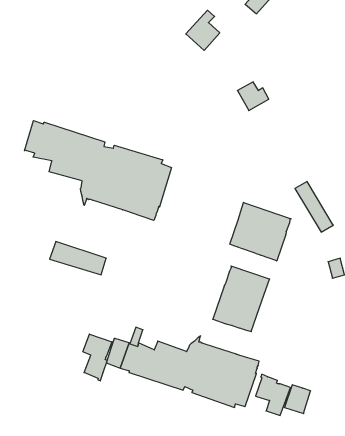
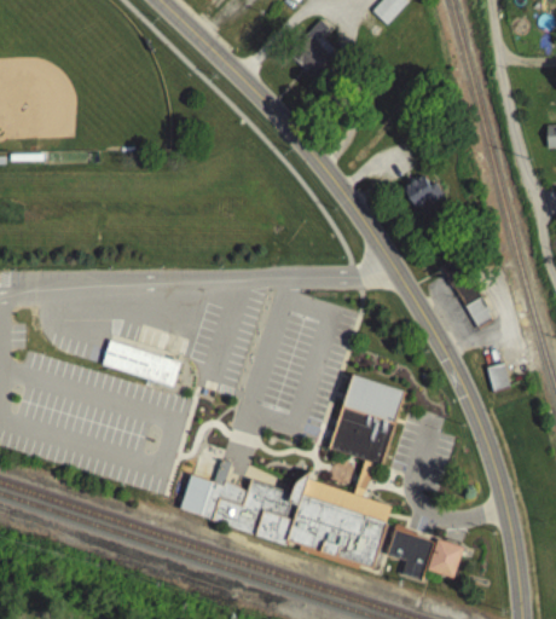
building: [237,82,269,111] -> [401,173,445,213]
building: [24,121,172,220] -> none
building: [230,202,291,261] -> none
building: [83,334,112,381] -> none

